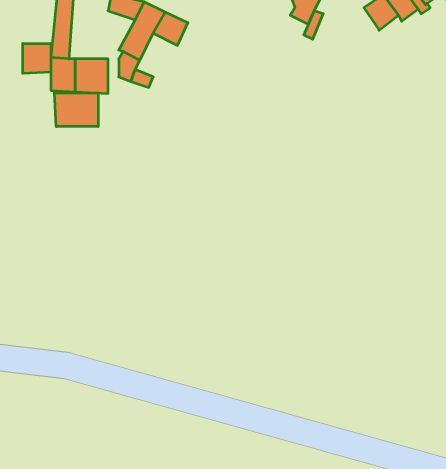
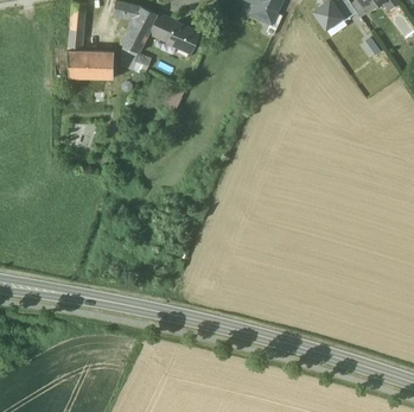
building: none -> [167,24,198,52]
building: [23,43,51,73] -> none
building: [54,93,98,127] -> none

